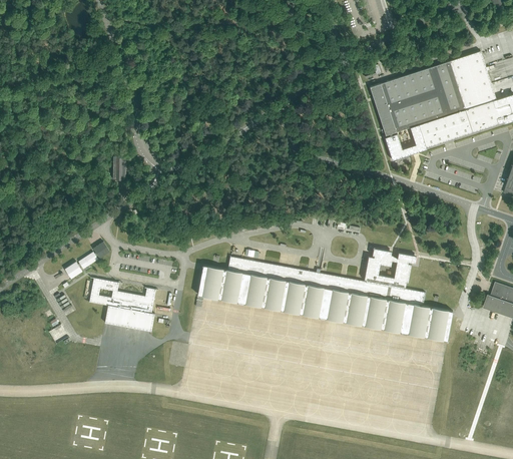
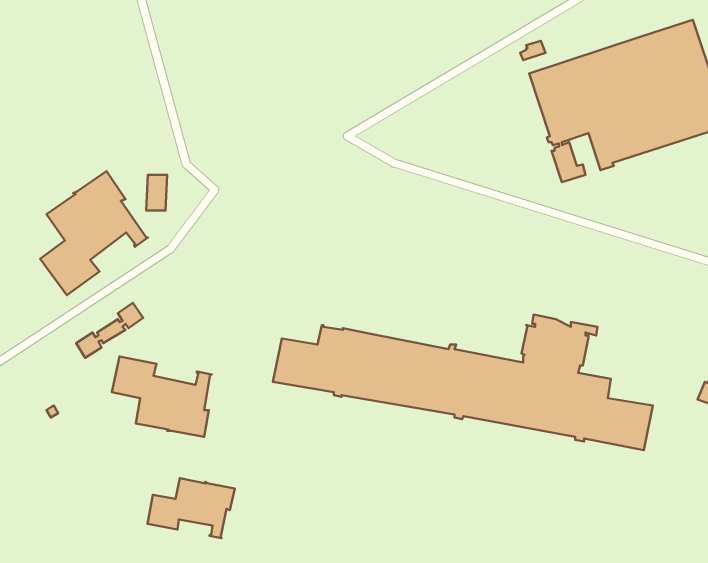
building: none -> [40,171,148,295]
building: none -> [148,478,235,538]

